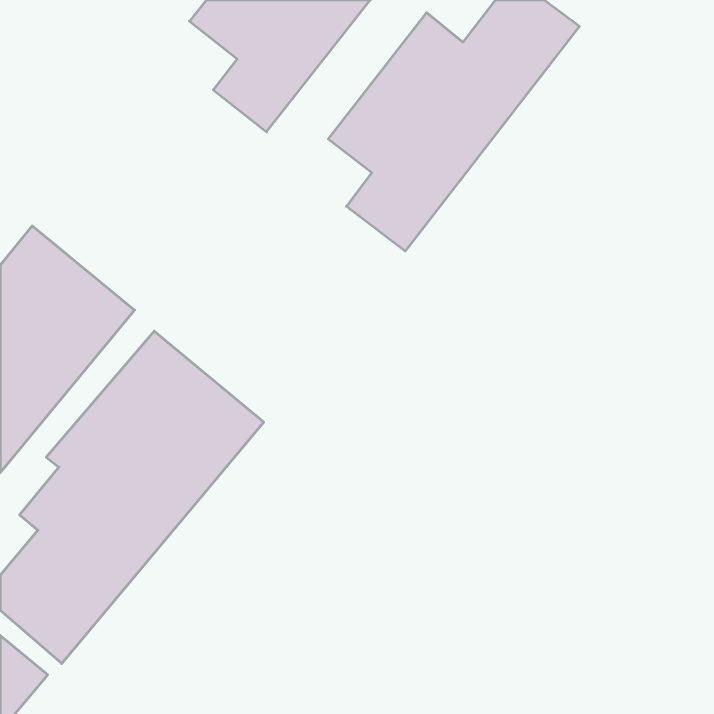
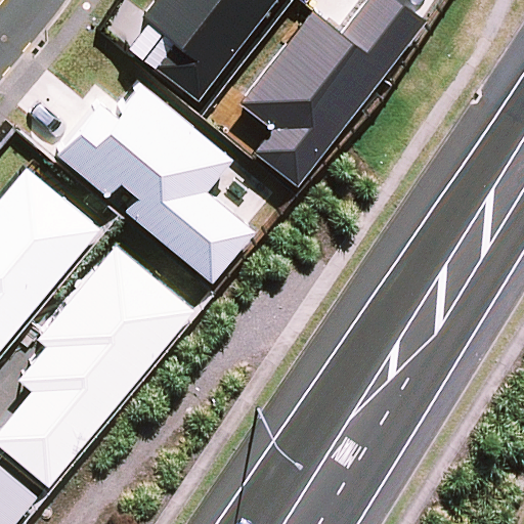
building: none -> [56,84,255,283]

